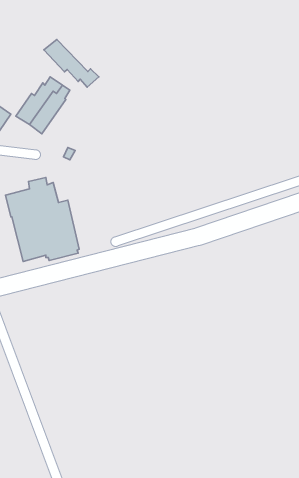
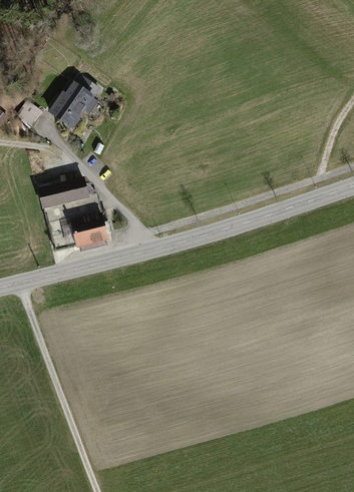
building: [44,39,99,87] -> none

